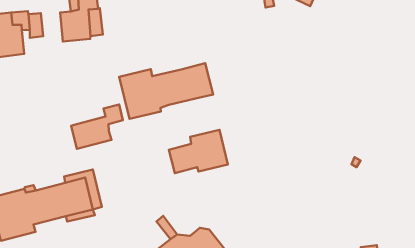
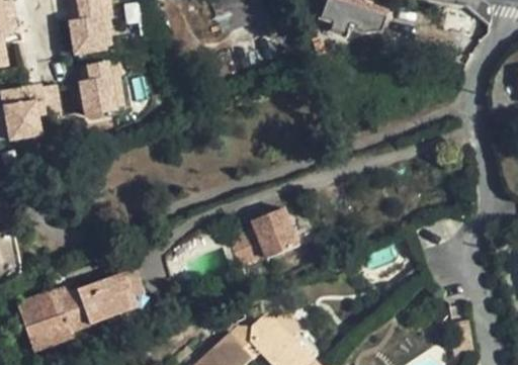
building: [119,63,213,119] -> none
building: [71,105,123,149] -> none

